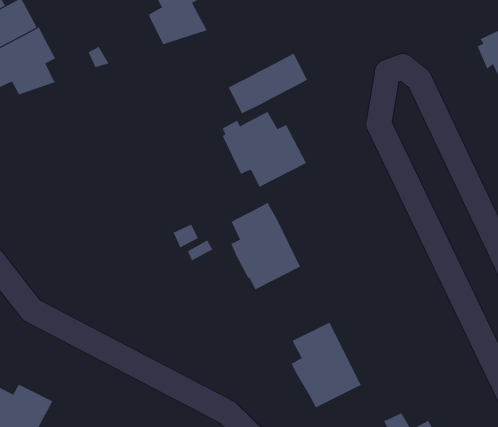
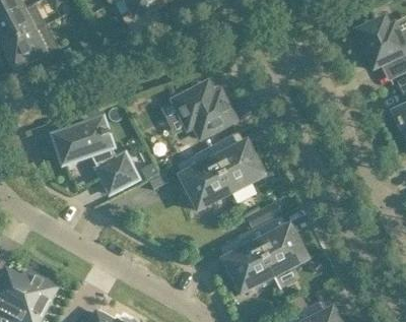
building: [228,53,308,114] -> none
building: none -> [56,121,137,192]
building: none -> [207,133,263,192]
building: none -> [251,216,307,275]

